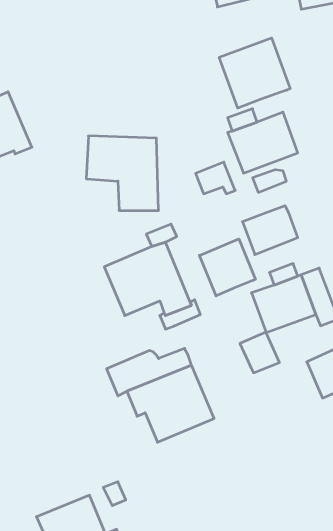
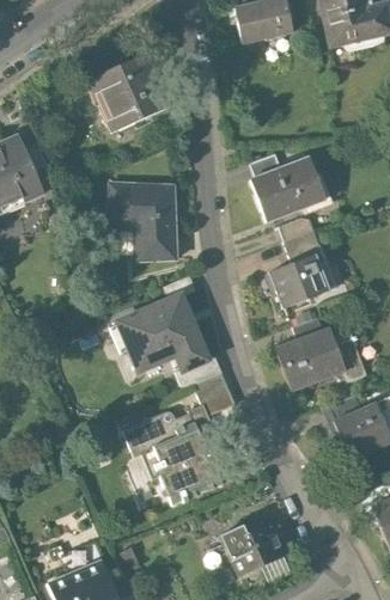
building: none -> [83,55,166,129]
building: [219,38,290,108] -> none
building: [196,162,235,194] -> [282,228,324,262]
building: [199,239,255,296] -> none
building: [240,332,279,373] -> [194,369,236,412]
building: none -> [220,520,282,563]

